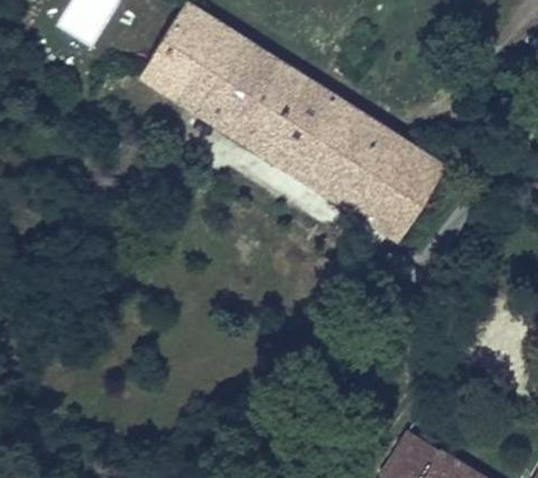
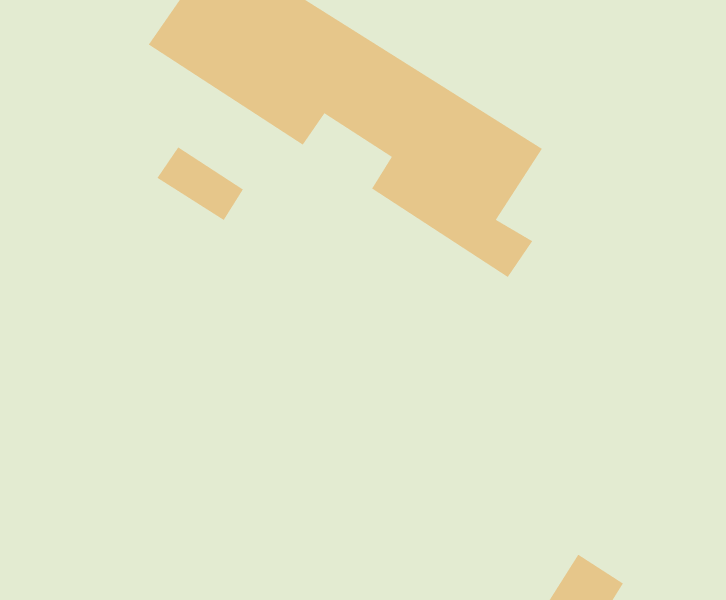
building: [238,117,297,167] -> [156,146,244,221]
building: [368,140,447,241] -> none

